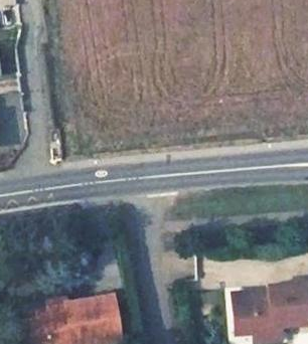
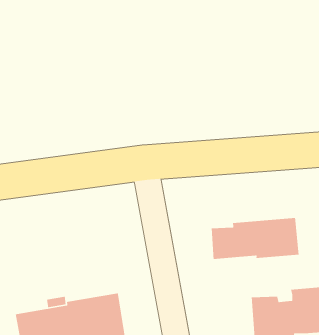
building: none -> [211,217,299,260]

